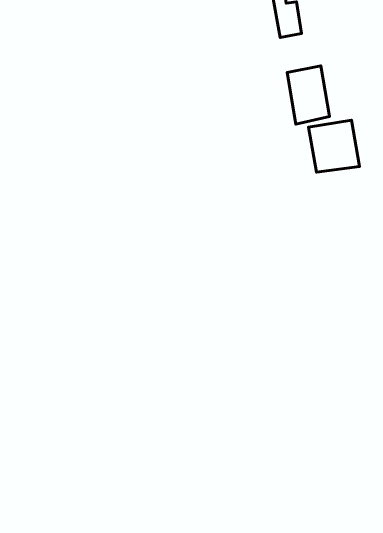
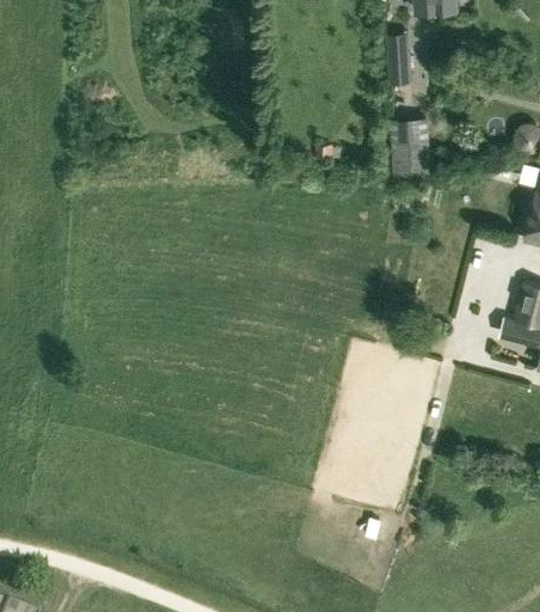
building: [309,120,360,172] -> none

